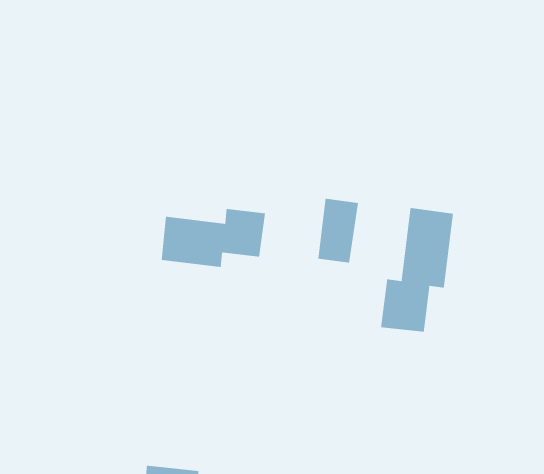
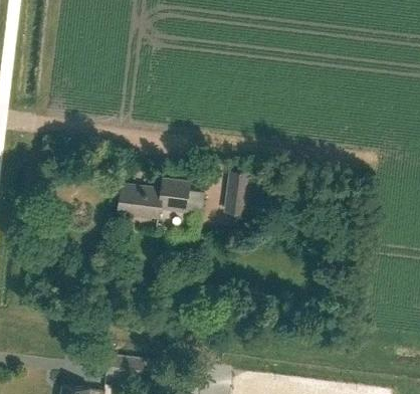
building: [380,207,453,332] -> none

